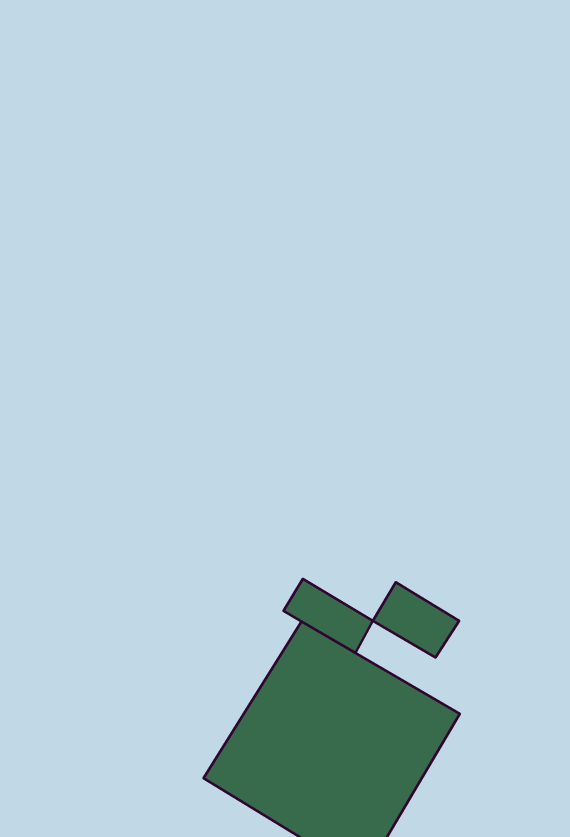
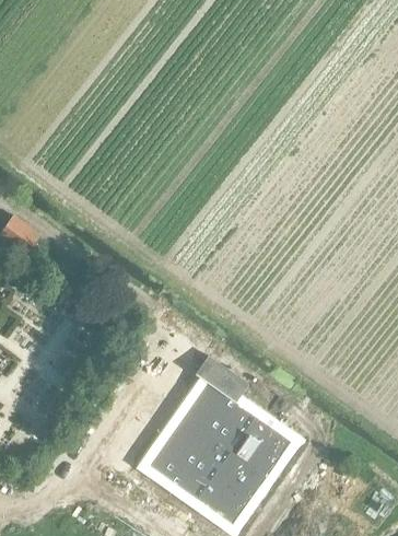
building: [373,582,459,658] -> none

